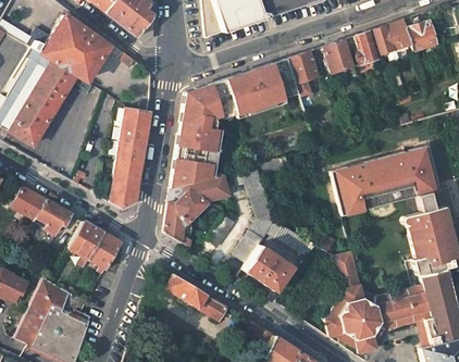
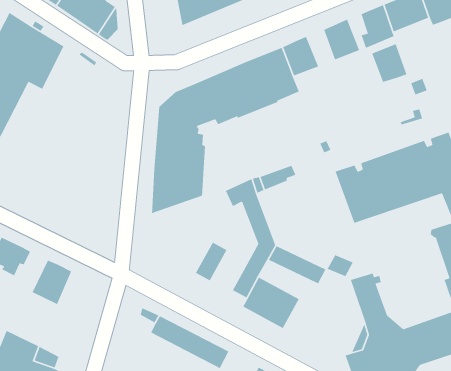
building: none -> [371,43,407,83]
building: [112,110,150,210] -> none
building: [165,176,233,247] -> none
building: [89,233,121,270] -> none

